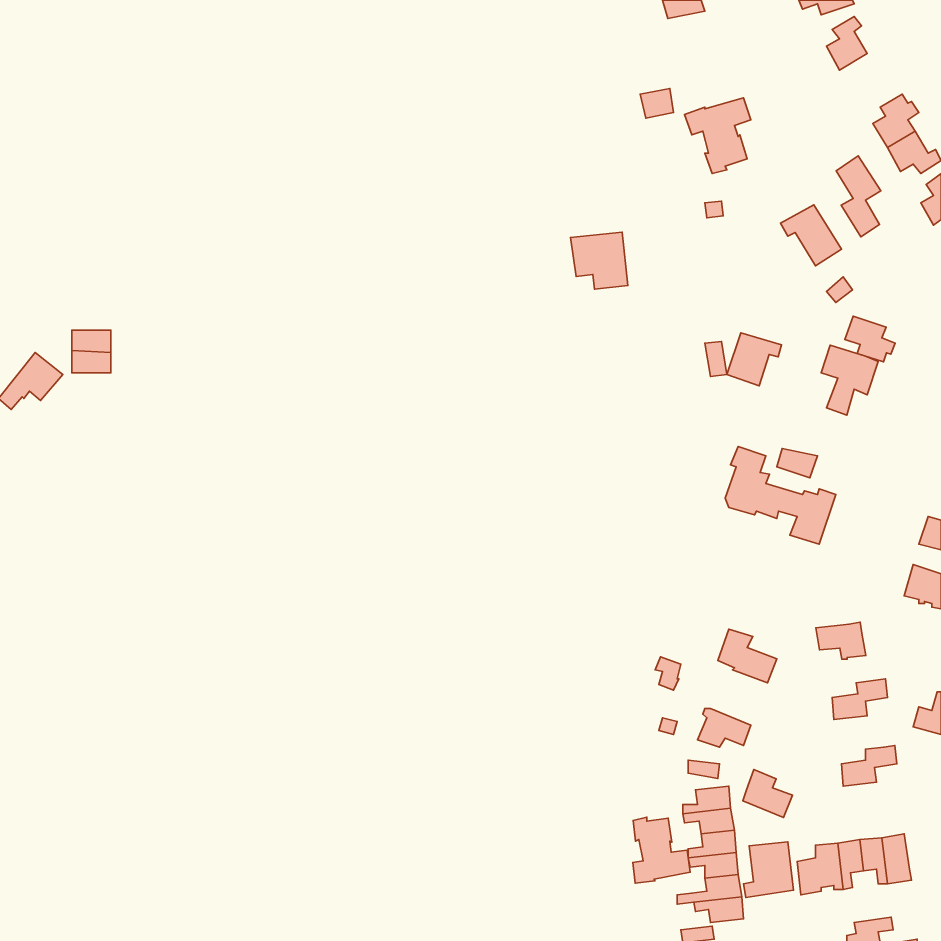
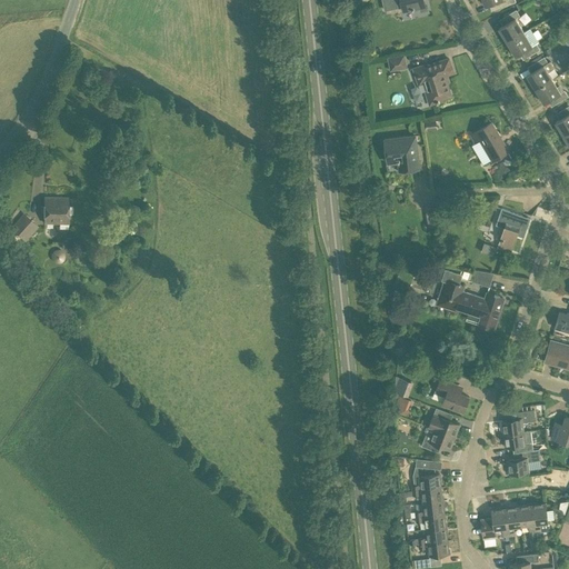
building: none -> [506,29,539,59]
building: [836,156,881,237] -> none
building: [571,232,628,289] -> [383,137,418,171]
building: [845,316,895,362] -> none
building: [727,333,781,386] -> none
building: [816,622,866,659] -> [502,431,532,453]
building: [743,769,793,817] -> [428,409,458,438]
building: [633,817,690,883] -> none
building: [743,842,794,898] -> none

